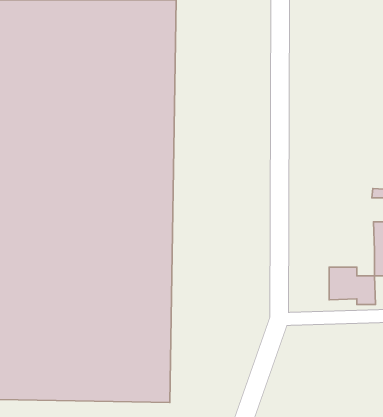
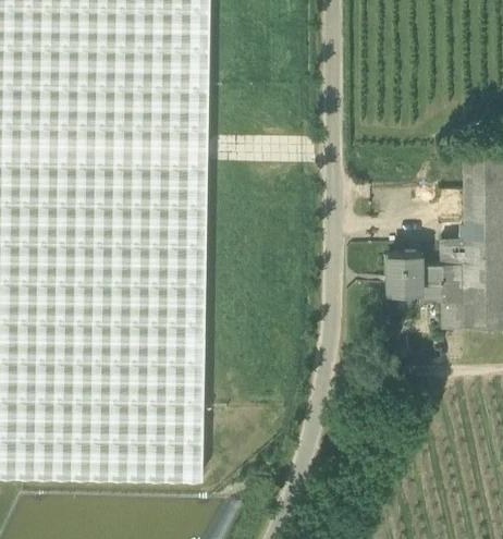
building: [329,267,375,304] -> [388,255,442,298]

